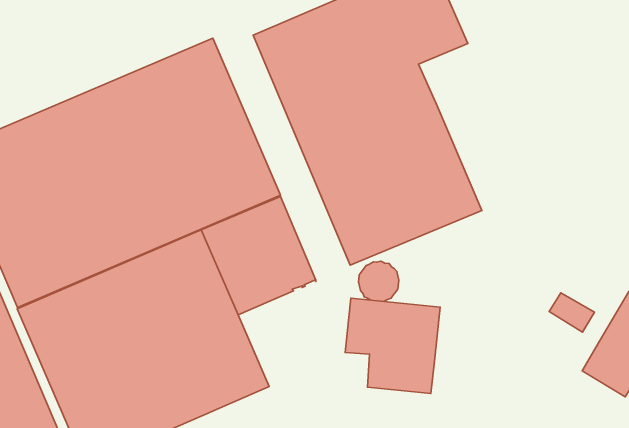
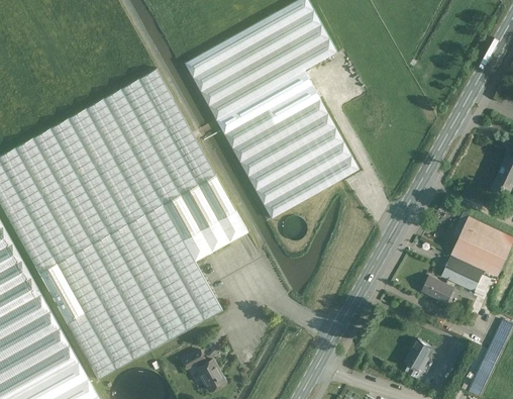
building: [549,293,595,332] -> [422,276,454,302]
building: [345,298,440,393] -> none

